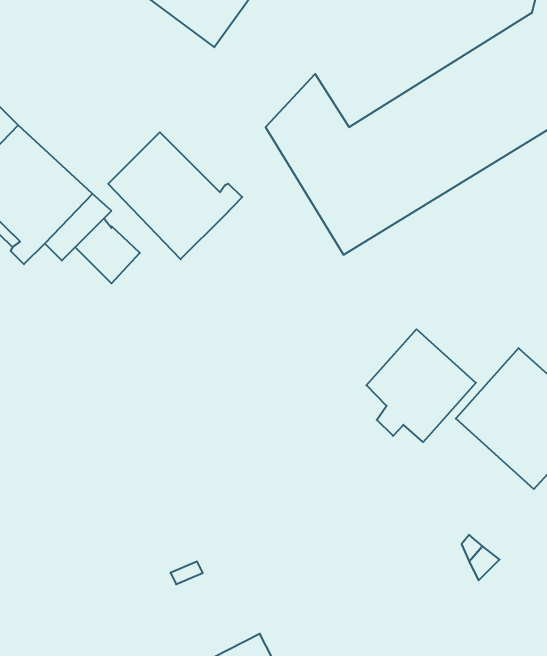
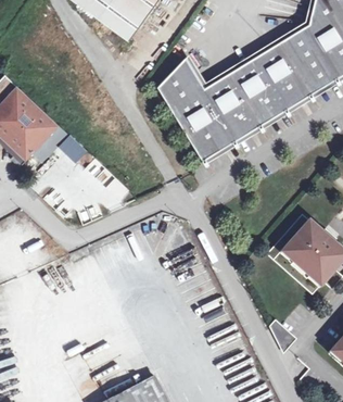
building: [108,132,242,259] -> none
building: [366,329,476,442] -> none

